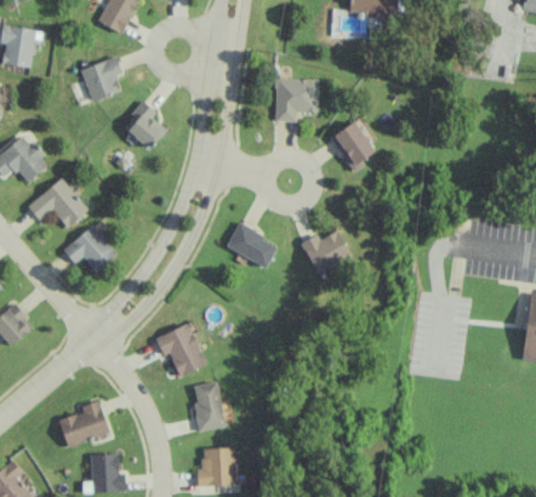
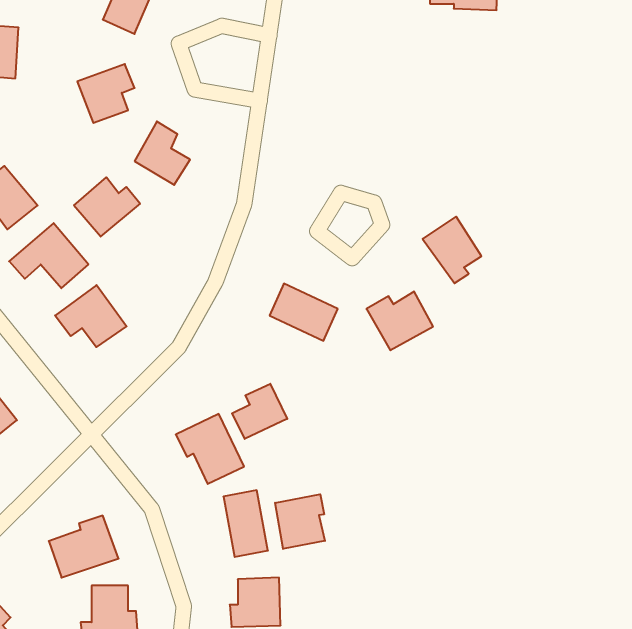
building: [275,79,318,121] -> none
building: [330,121,375,172] -> [423,217,481,283]
building: none -> [74,177,140,237]
building: none -> [232,384,287,439]
building: none -> [275,494,325,549]

